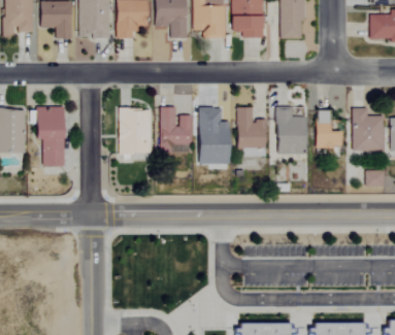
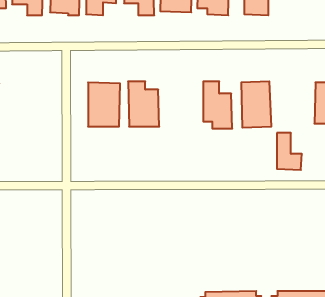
building: [36,106,65,166] -> none
building: [198,107,230,164] -> none
building: [317,110,342,148] -> [277,133,302,170]

